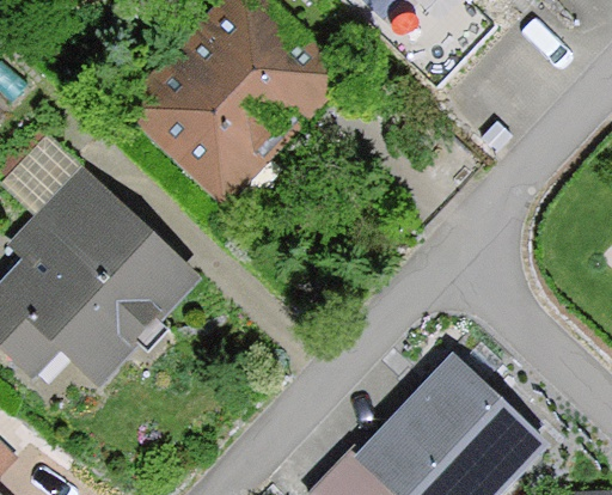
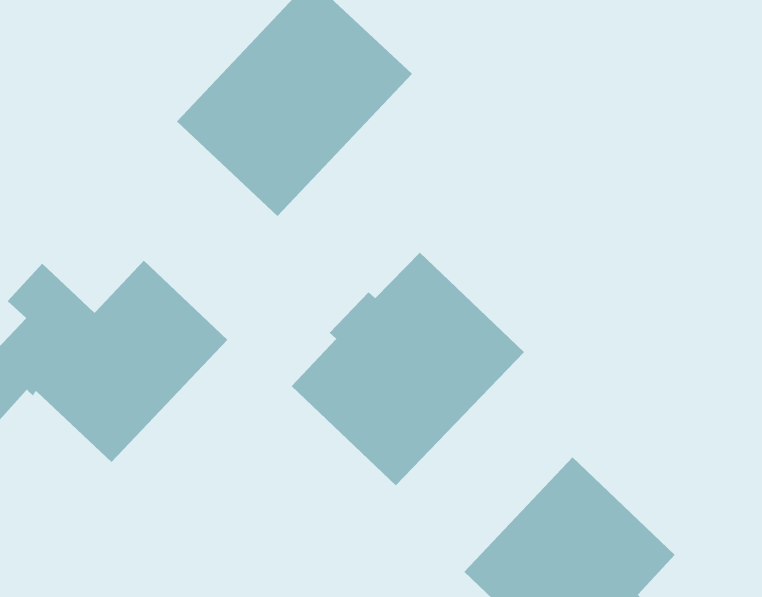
building: none -> [291,252,525,486]

